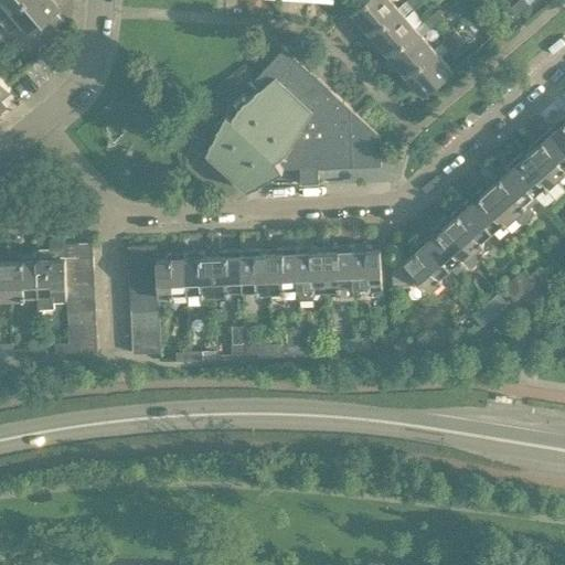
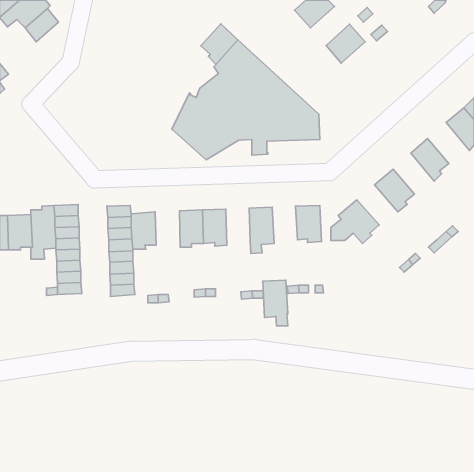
building: [369,11,415,57] -> none
building: none -> [201,24,238,64]
building: [405,53,452,99] -> none
building: [508,149,557,198] -> none
building: [467,185,515,234] -> none
building: [424,223,472,270] -> none
building: [323,248,353,302] -> [263,280,288,326]
building: [268,250,297,295] -> none
building: [184,254,214,298] -> none

